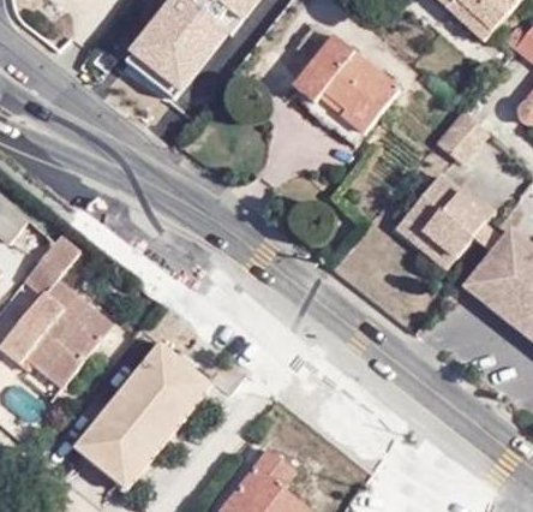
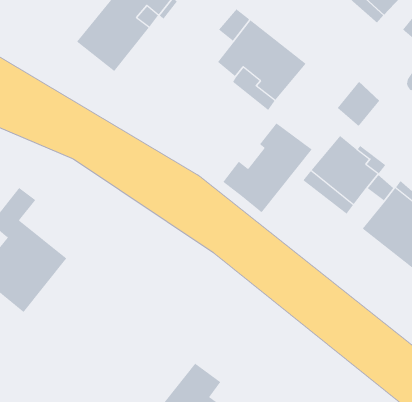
building: none -> [223,123,313,213]
building: [74,343,211,487] -> none

